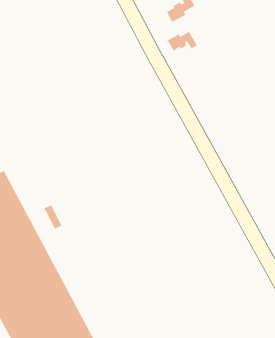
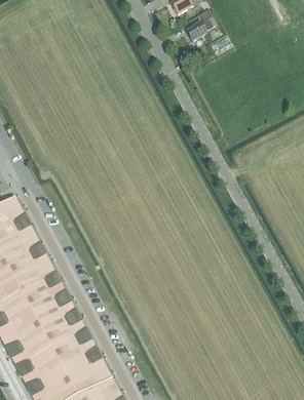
building: [167,31,197,51] -> none

